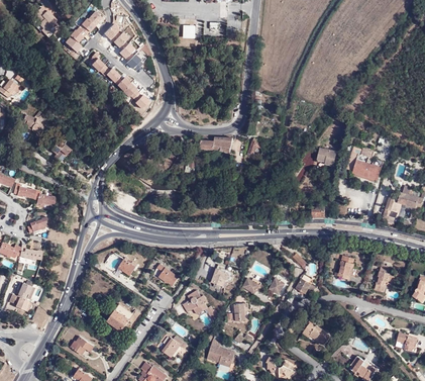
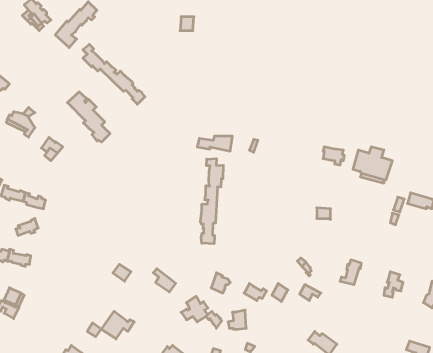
building: [104,23,144,71] -> [67,92,110,142]
building: none -> [201,159,223,244]

